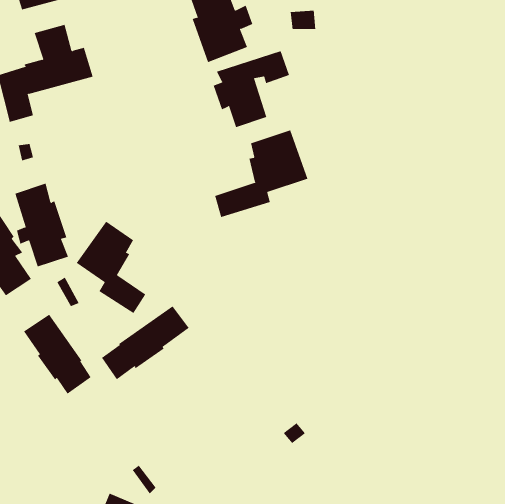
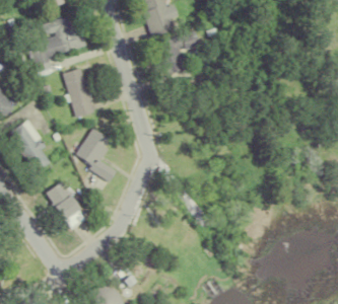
building: [215,130,308,218] -> none
building: [14,183,69,267] -> [63,68,94,117]
building: [101,305,190,380] -> none

